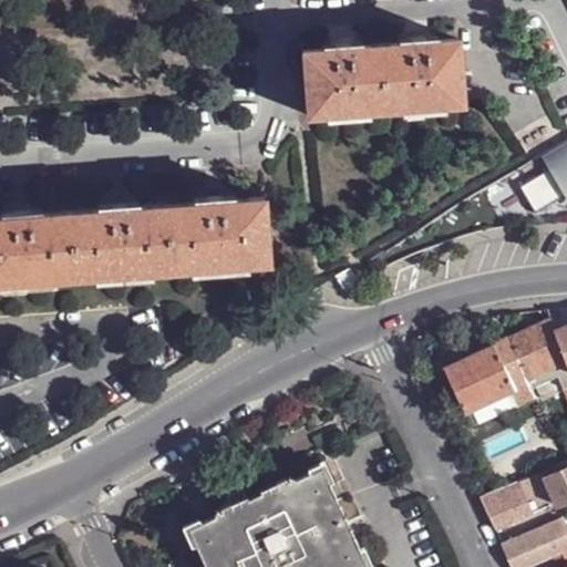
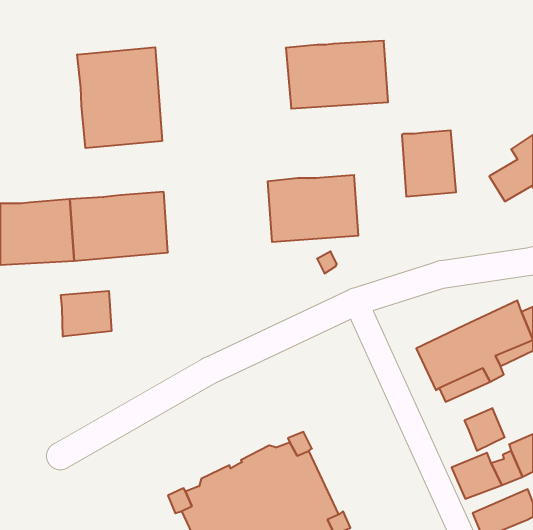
building: [408,42,465,112] -> [402,131,456,196]
building: none -> [77,47,162,148]
building: [174,200,270,271] -> [268,175,358,242]
building: none -> [61,291,111,337]
building: none -> [465,408,505,451]

